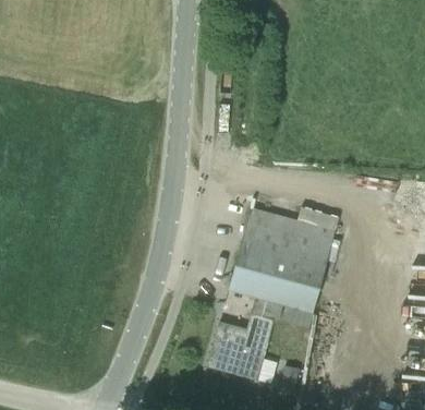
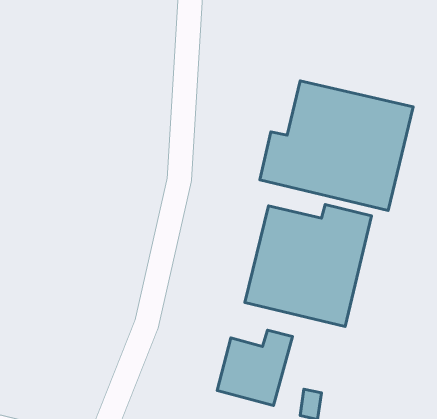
building: none -> [260,81,413,210]

